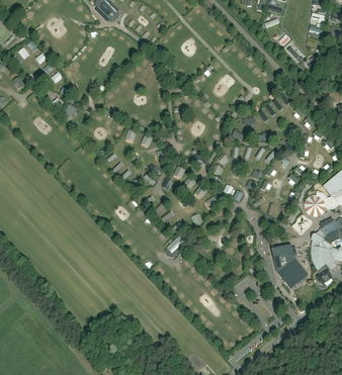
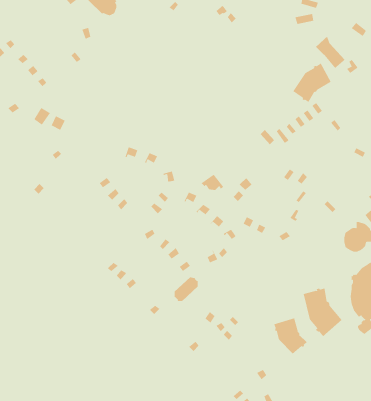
building: none -> [292,63,332,103]
building: none -> [274,318,308,354]

